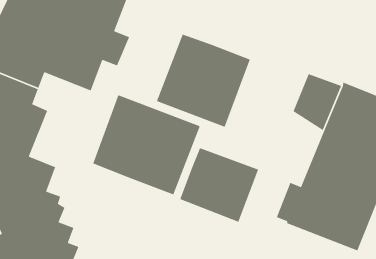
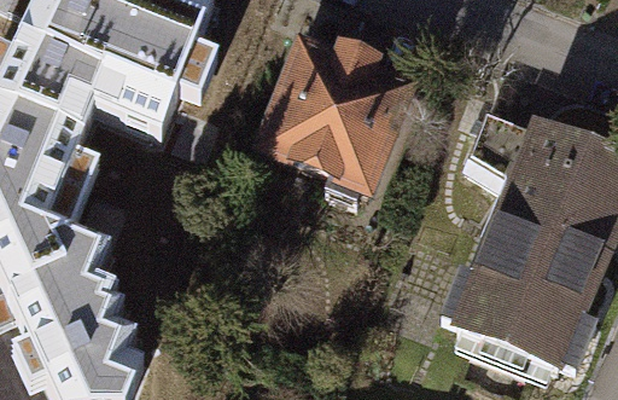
building: [92,94,201,195] -> none
building: [179,147,259,223] -> none

